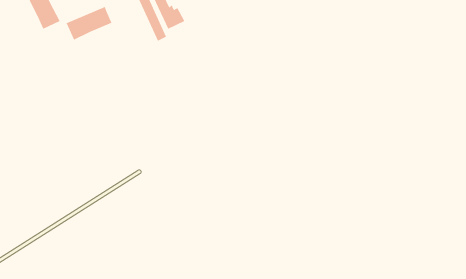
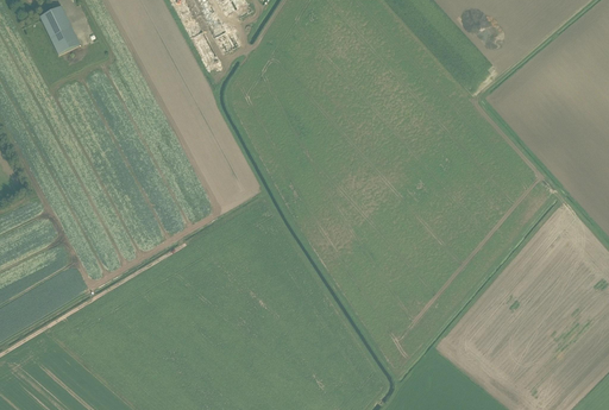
building: [66,6,112,40] -> none

